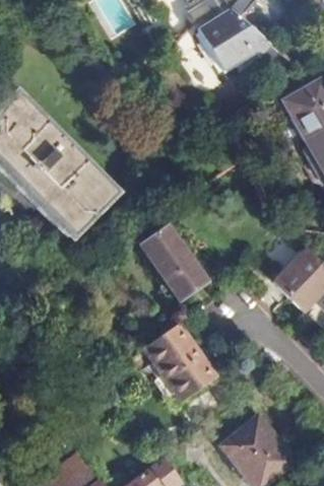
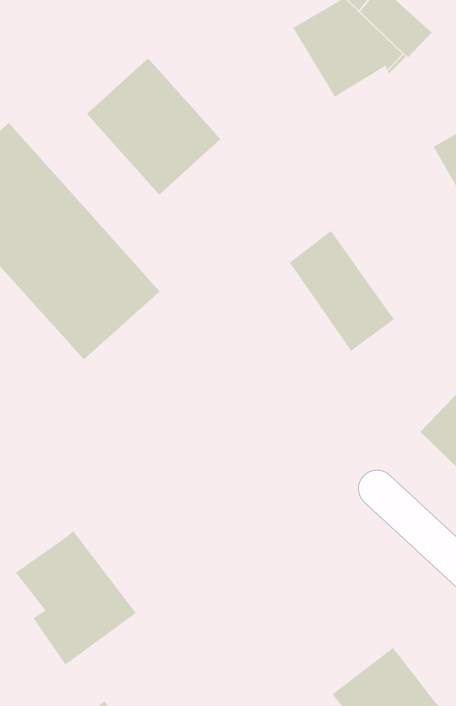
building: none -> [86,57,221,196]
building: [140,224,206,300] -> [289,230,395,352]
building: [141,327,217,411] -> [15,530,137,665]

